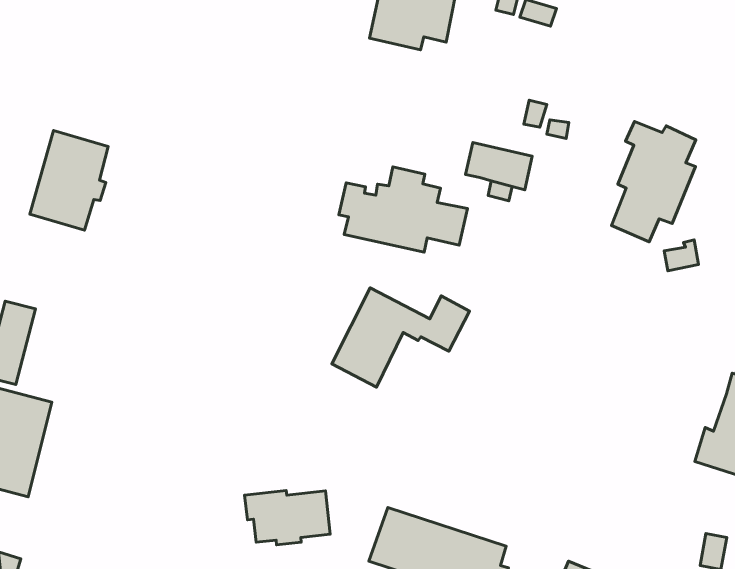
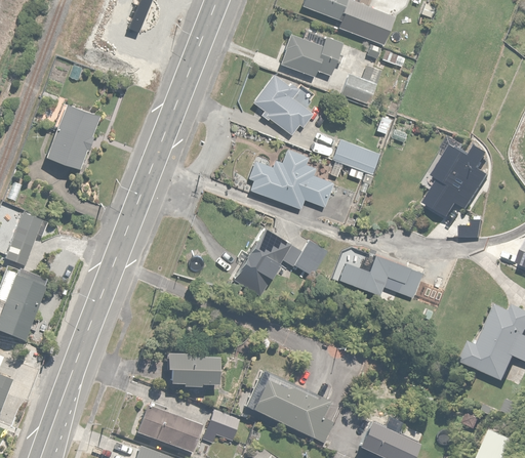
building: none -> [340,65,378,105]
building: none -> [252,73,317,133]
building: none -> [338,253,422,298]

